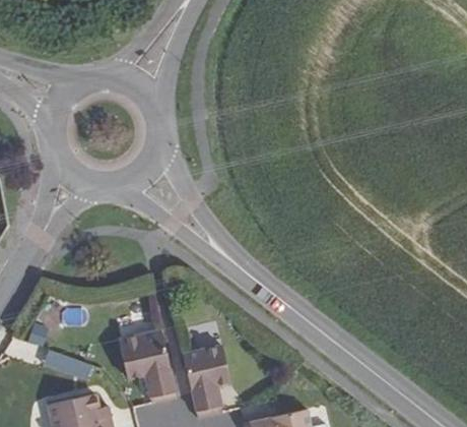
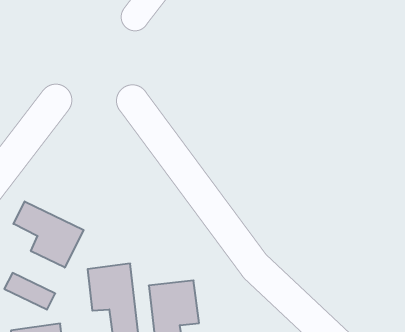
building: none -> [13,201,84,268]

